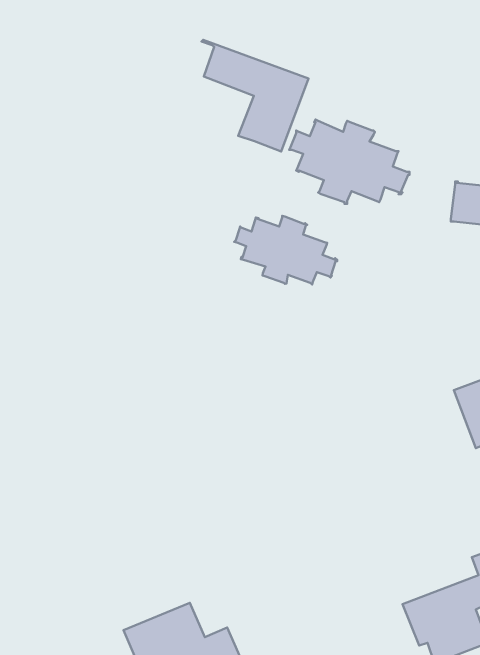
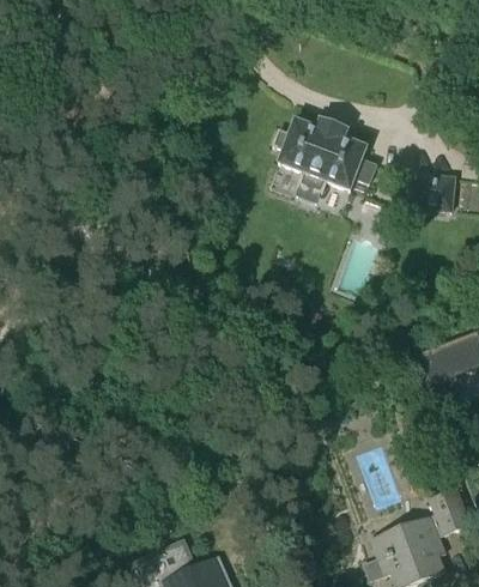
building: [202,40,309,152] -> none
building: [234,216,337,284] -> none

